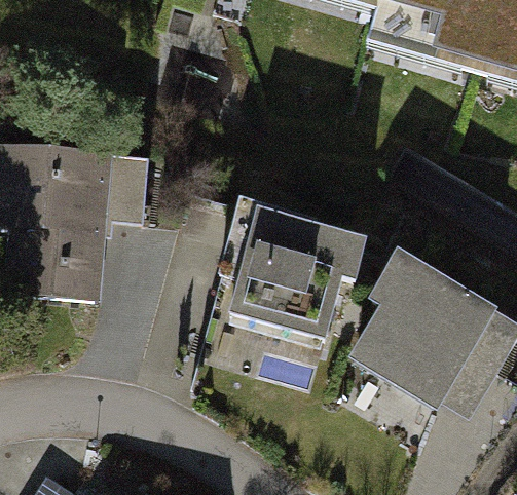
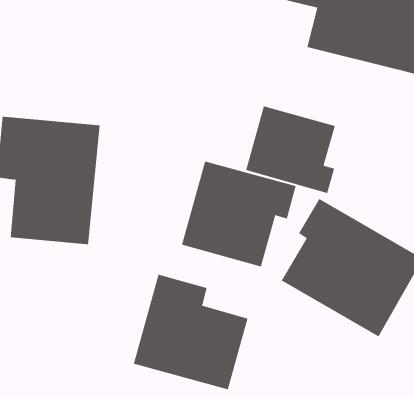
building: none -> [245,106,335,194]
building: none -> [133,274,248,390]

